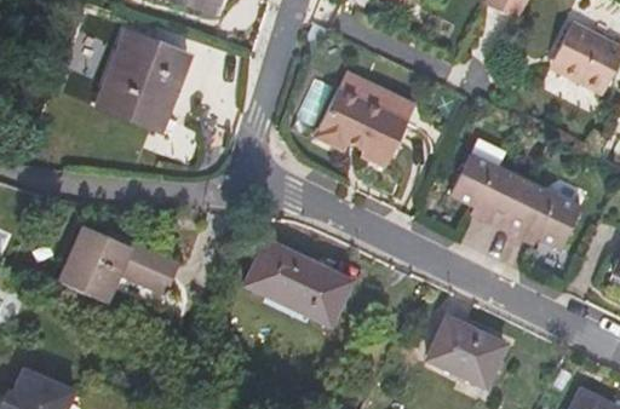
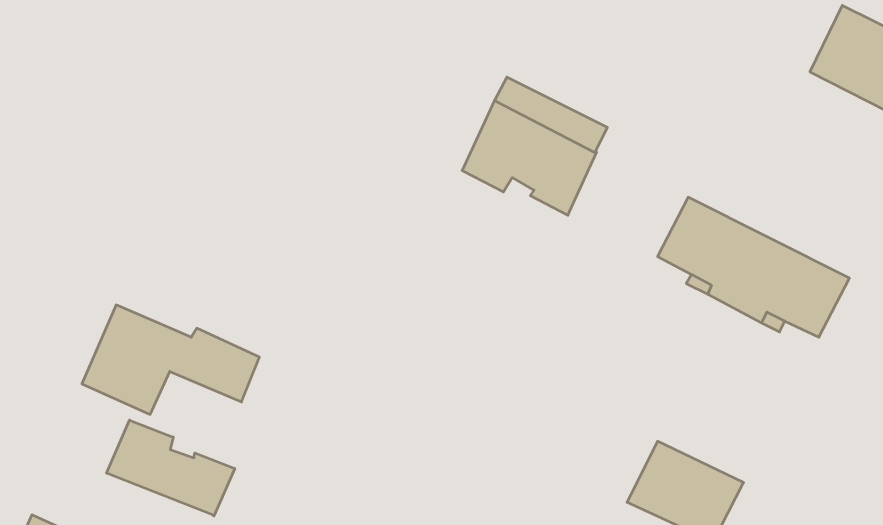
building: [101,34,189,129] -> none
building: [246,241,352,326] -> none
building: none -> [107,420,235,516]

